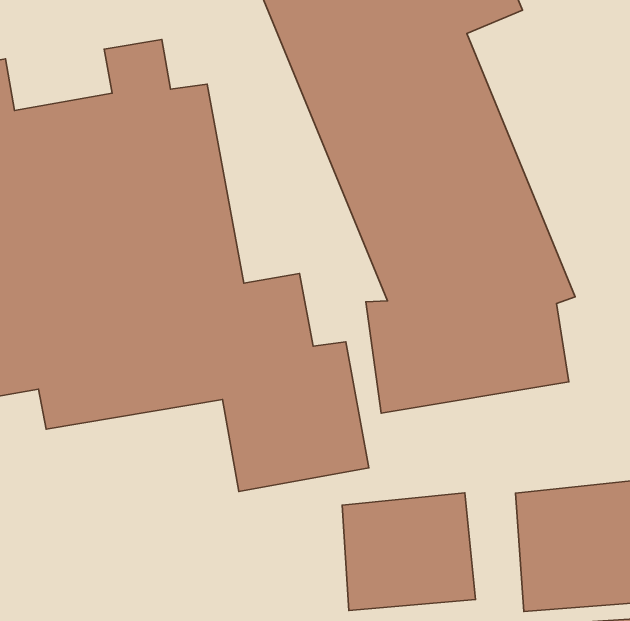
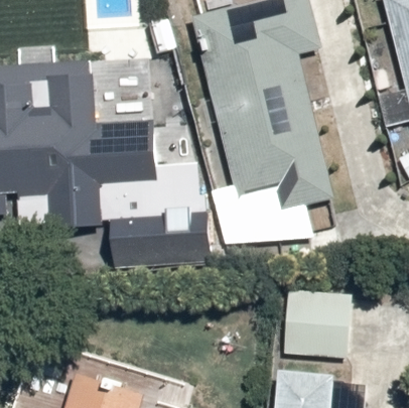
building: [342,493,476,611] -> none

